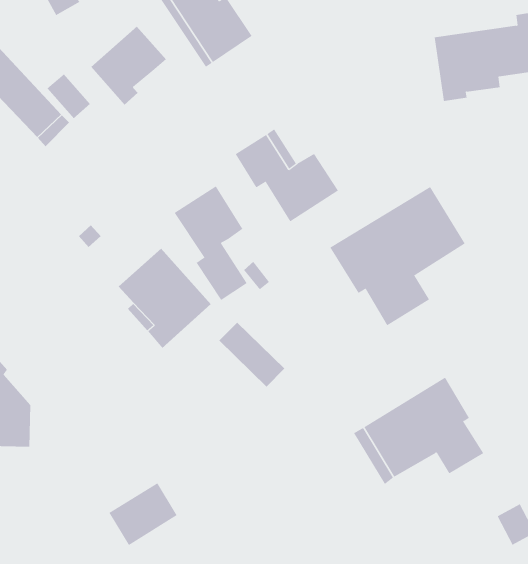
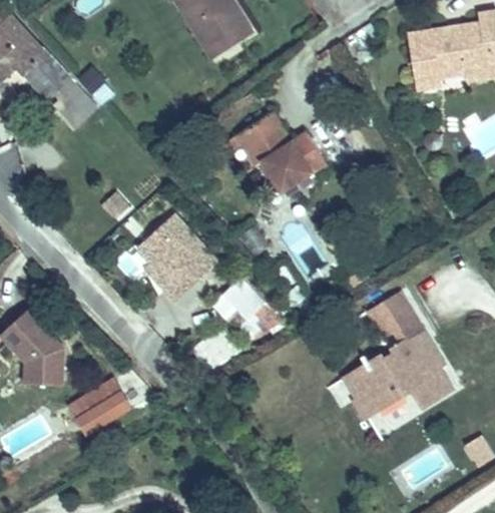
building: [91,26,167,106] -> none
building: [174,186,248,301] -> none
building: [330,186,465,326] -> none
building: none -> [366,292,415,338]
building: [109,482,178,546] -> [71,380,130,434]

